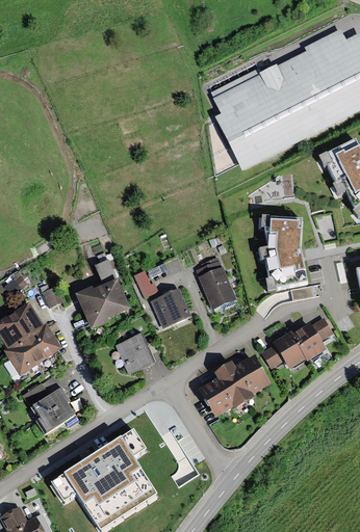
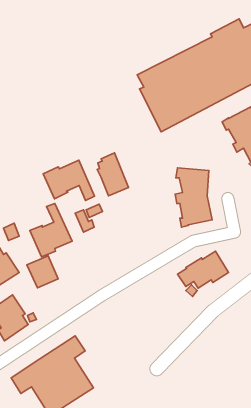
building: none -> [43,160,94,201]
building: [197,256,236,310] -> [97,153,128,196]
building: [150,288,189,326] -> none
building: [114,332,154,373] -> [27,256,58,288]
building: [197,352,271,417] -> none

